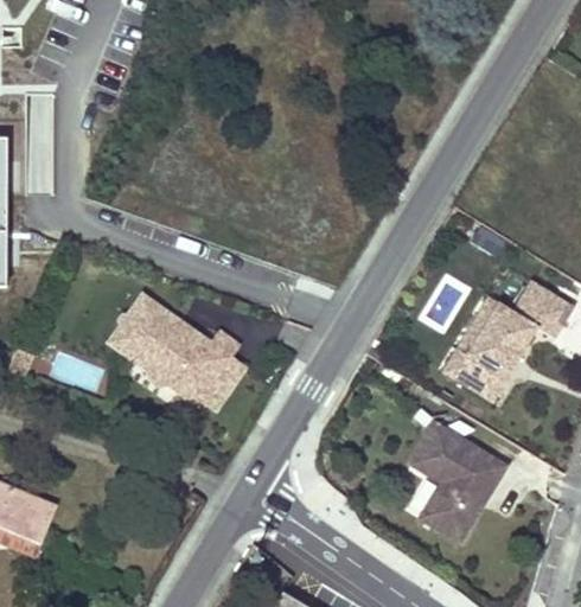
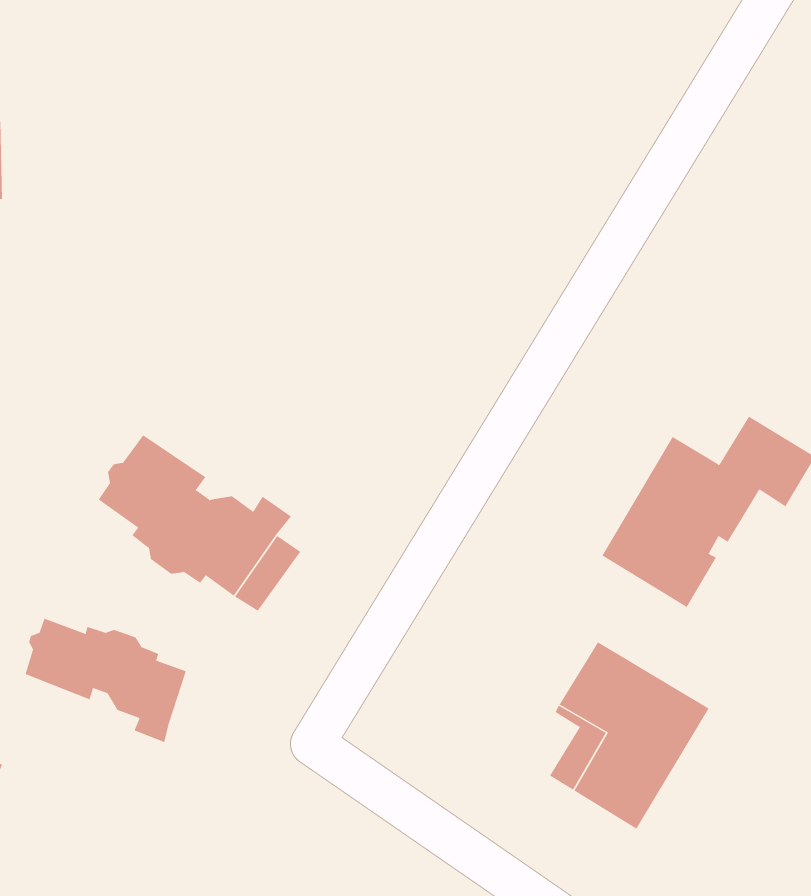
building: none -> [25,618,187,743]

